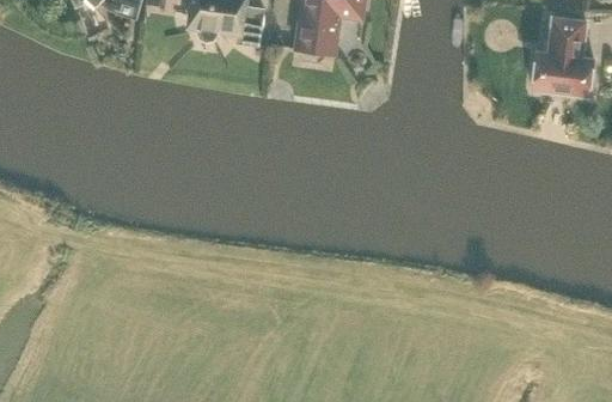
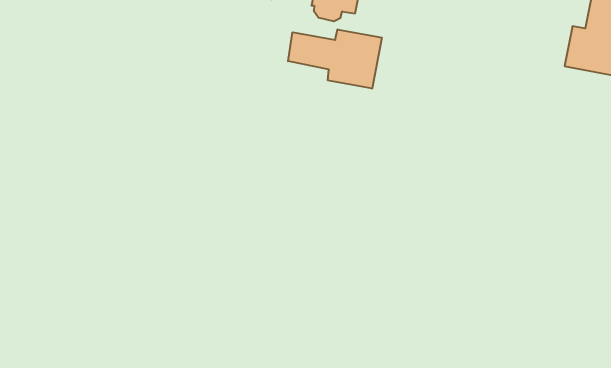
building: none -> [288,29,382,89]

